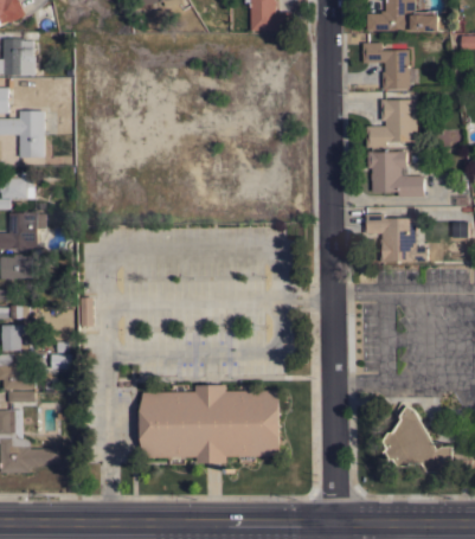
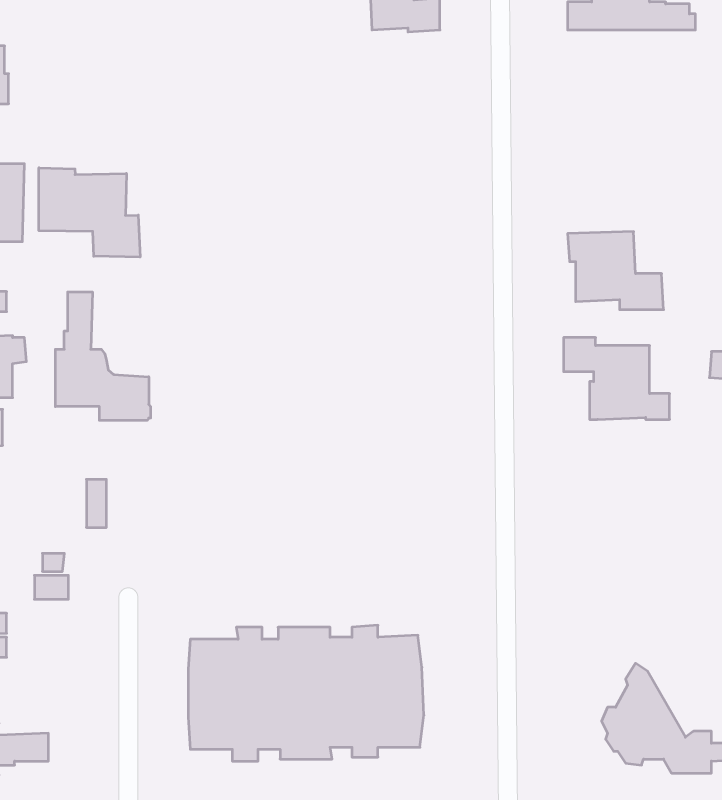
building: [364,43,410,90] -> none
building: [366,100,417,147] -> none
building: none -> [39,168,140,257]
building: none -> [55,292,151,420]

